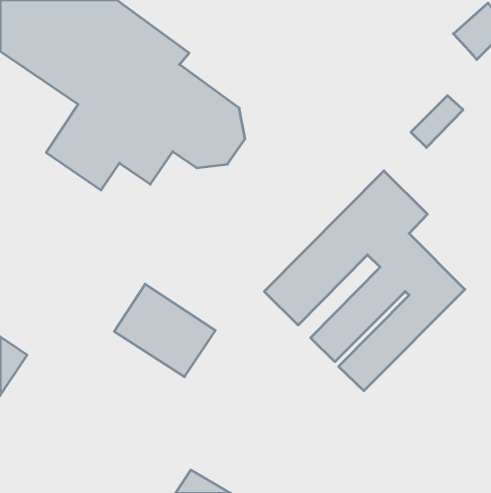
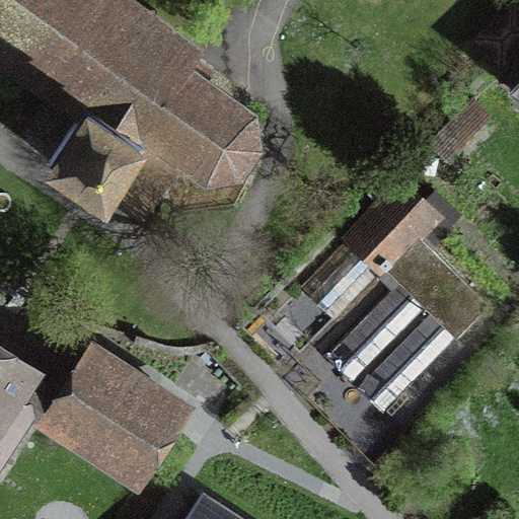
building: [114,284,215,377] -> [64,363,170,460]

